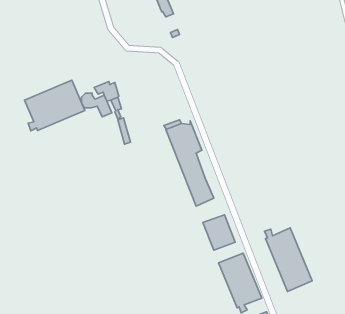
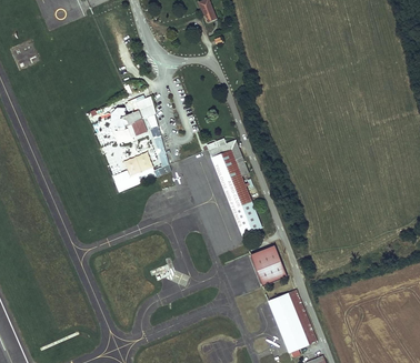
building: [24,80,85,131] -> none
building: [264,228,312,292] -> none

